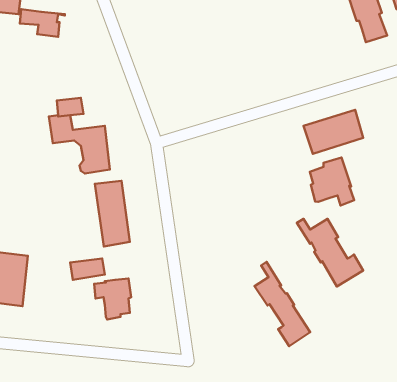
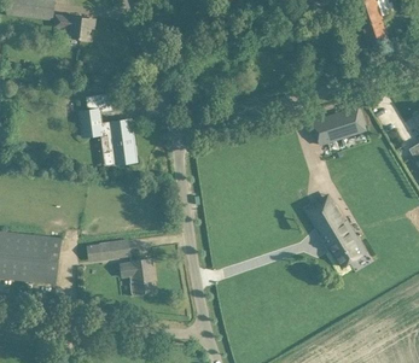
building: [310,157,354,206] -> none
building: [95,181,130,246] -> none
building: [255,262,310,346] -> none

